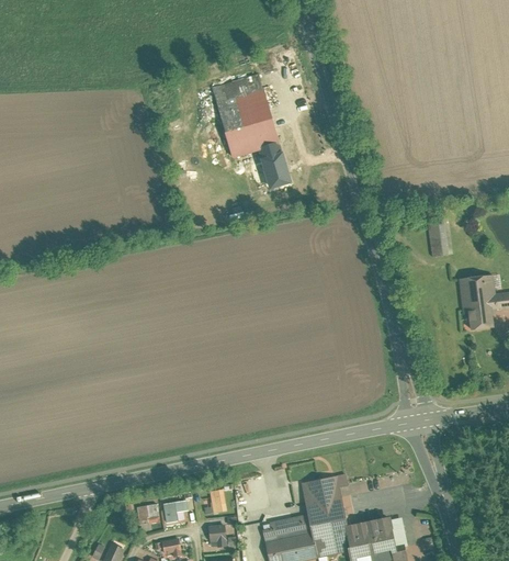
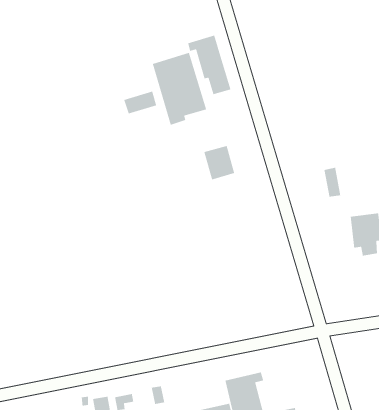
building: none -> [187,34,231,95]
building: none -> [123,90,157,114]
building: [252,144,292,189] -> [204,145,235,180]

